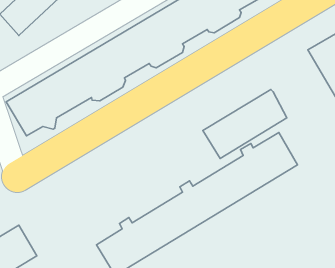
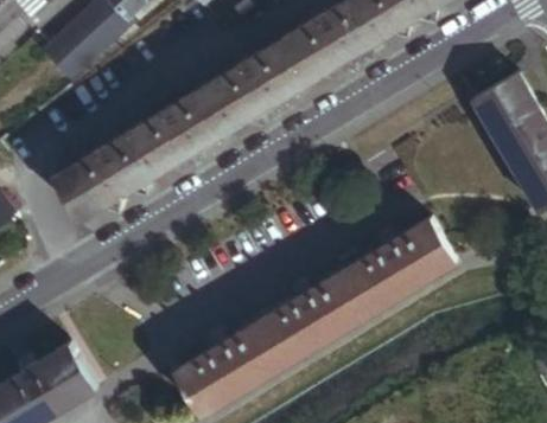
building: [203,89,287,158] -> none

